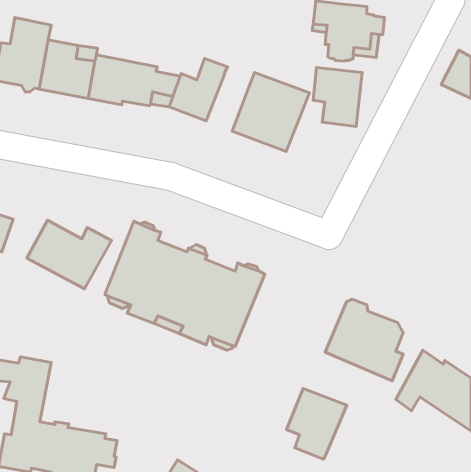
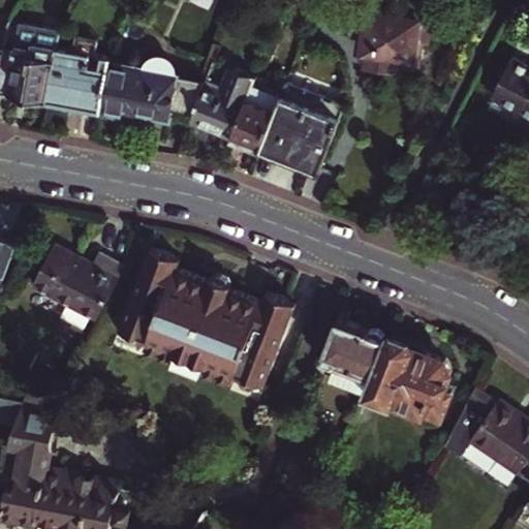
building: [313,67,362,126] -> none
building: none -> [229,87,279,149]
building: [286,388,347,459] -> [318,320,385,399]

